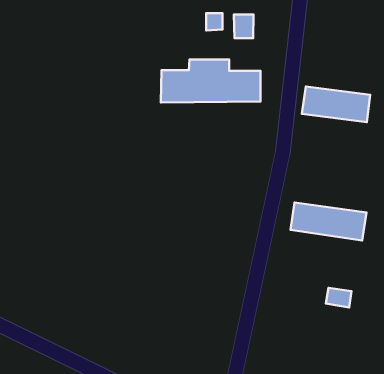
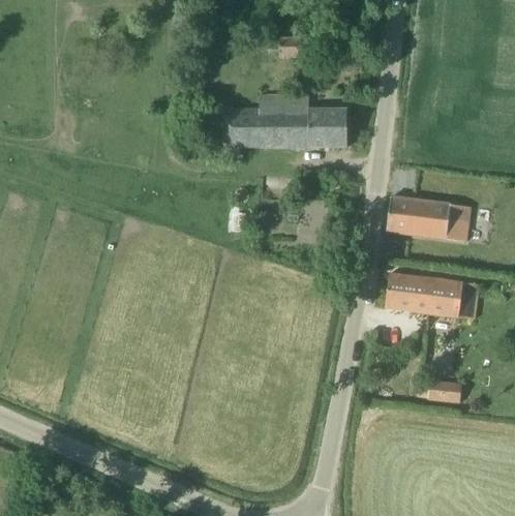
building: [234,14,253,38] -> none
building: [302,86,370,122] -> [386,195,472,240]

